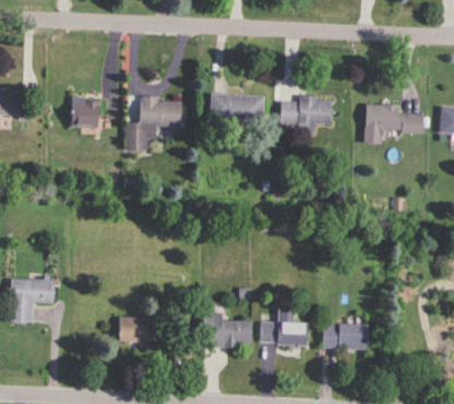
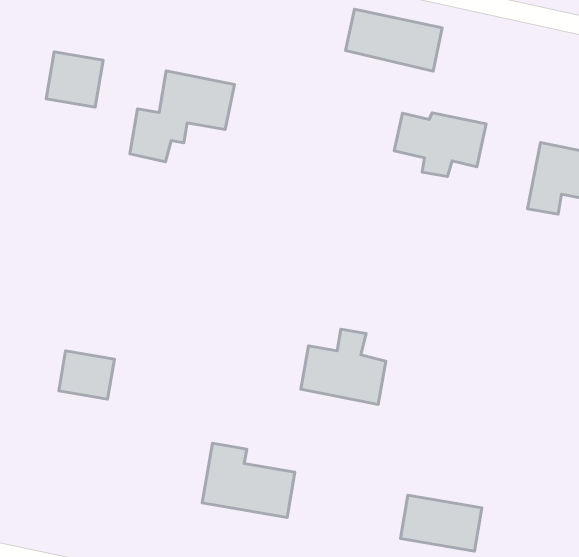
building: [210,94,264,122] -> [345,9,442,71]
building: [263,309,310,349] -> [301,329,386,404]
building: [119,318,148,342] -> [59,351,114,399]

